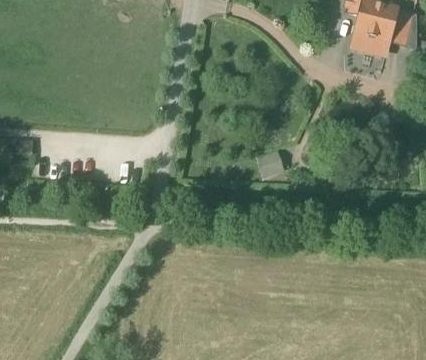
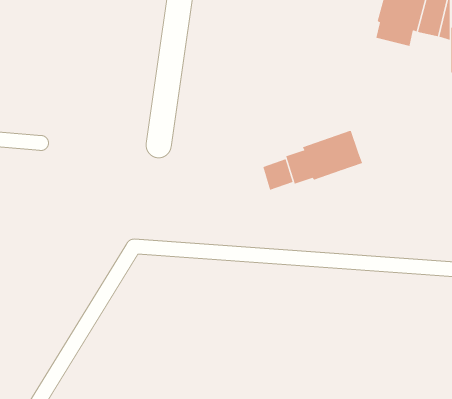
building: none -> [285,130,363,184]

